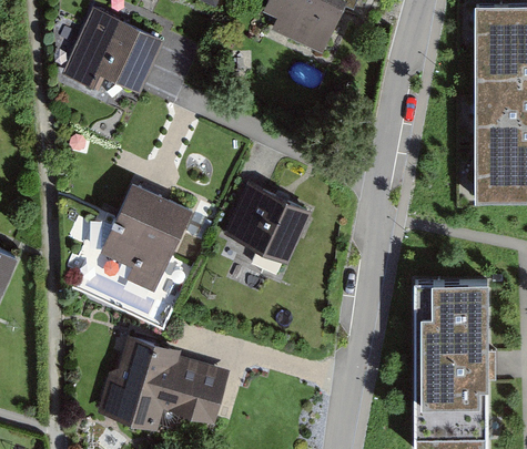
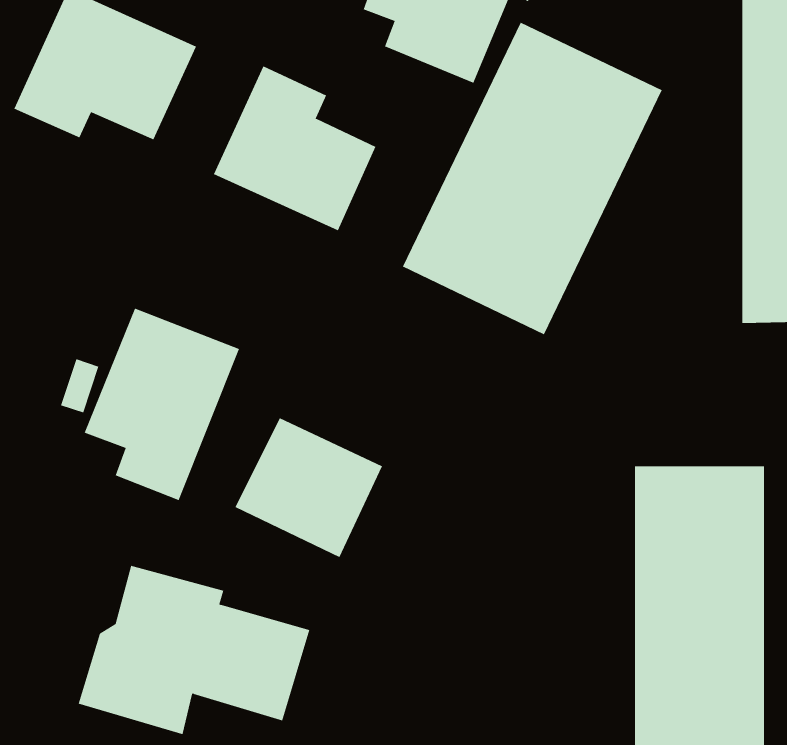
building: none -> [402,22,662,335]
building: none -> [213,65,376,231]
building: [224,190,308,269] -> [235,418,383,558]

